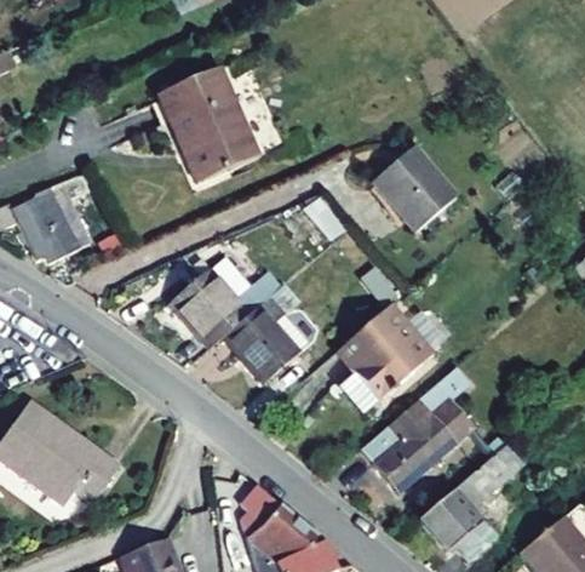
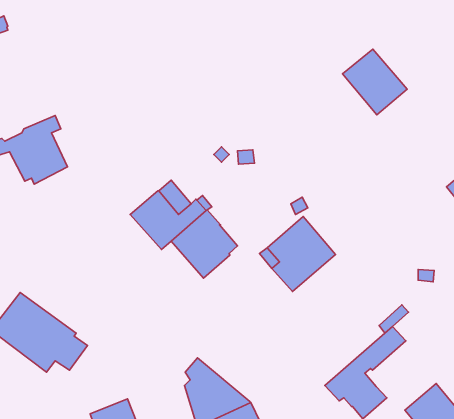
building: [157,68,257,181] -> none
building: [373,148,455,231] -> [343,49,407,115]
building: [362,367,474,492] -> none

